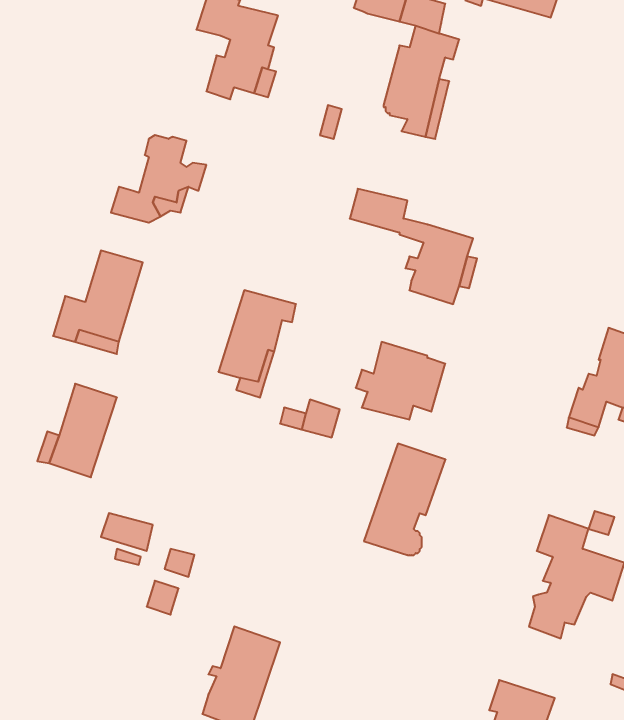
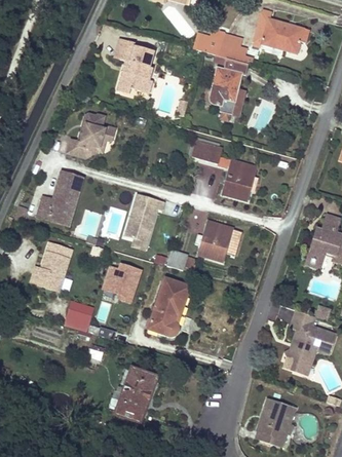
building: none -> [102,263,140,303]
building: [364,444,446,555] -> [148,277,190,335]

